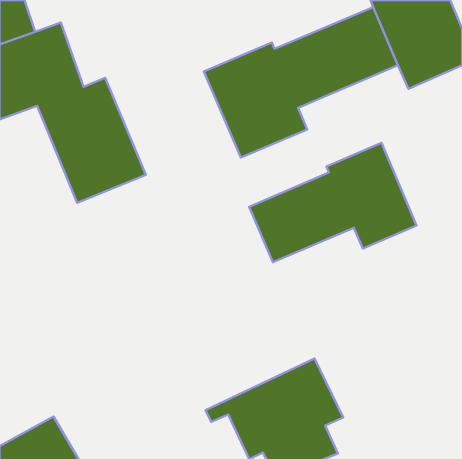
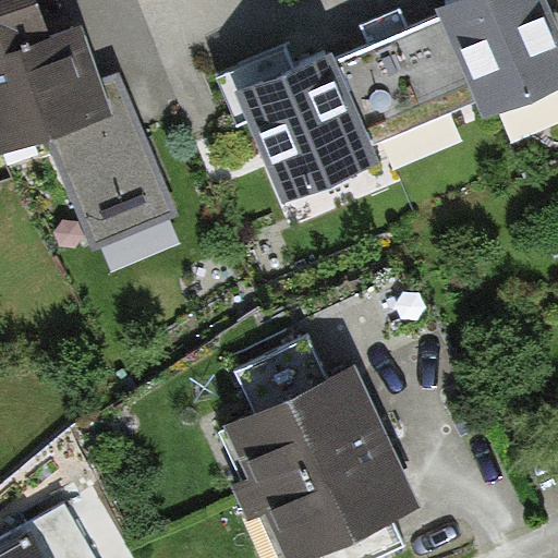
building: [249,143,416,262] -> none
building: none -> [234,338,378,498]

